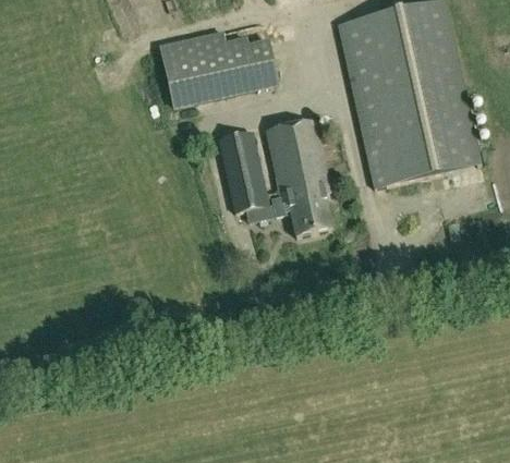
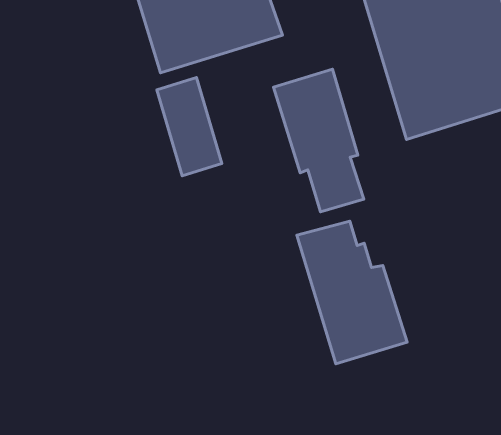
building: [220,131,269,211] -> [157,78,222,176]
building: none -> [297,221,407,364]

